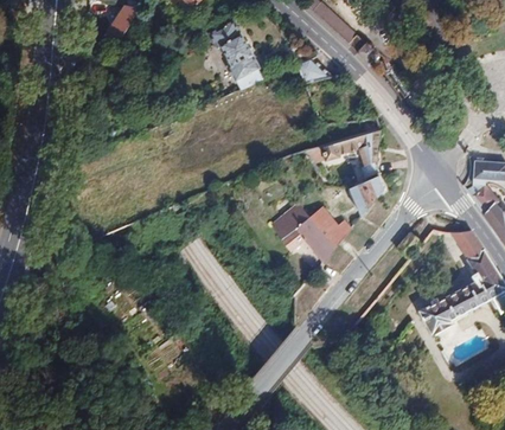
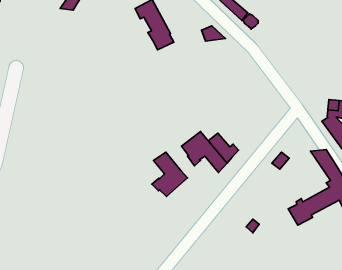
building: [308,129,379,165] -> none
building: [349,174,384,216] -> none
building: none -> [152,152,187,196]

